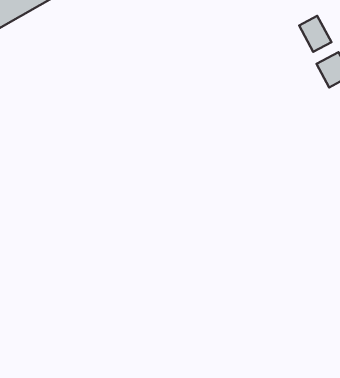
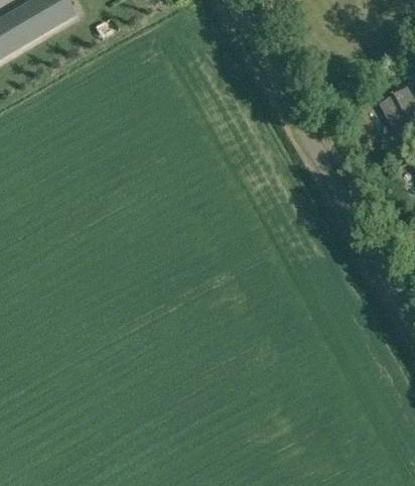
building: [299,16,331,52] -> none

